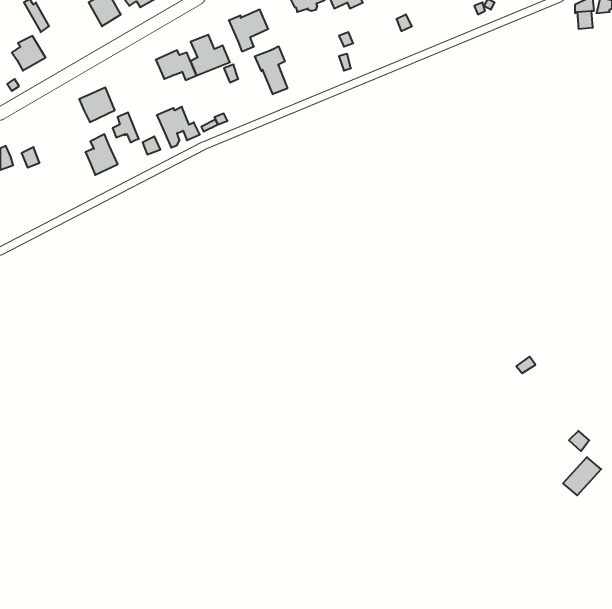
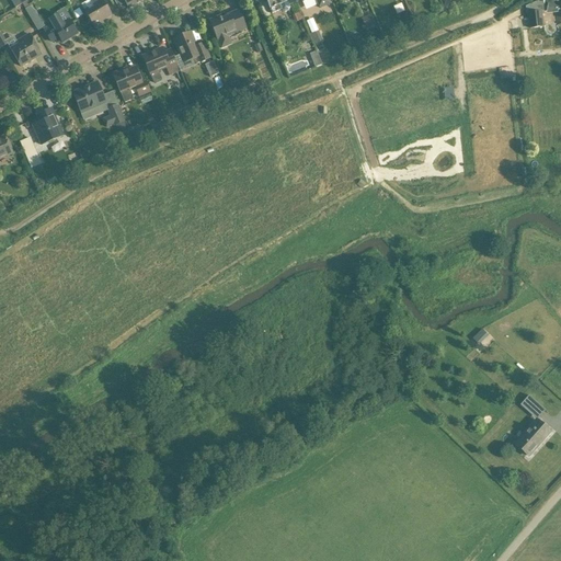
building: none -> [44,12,78,41]
building: [255,46,287,94] -> none
building: [157,107,200,148] -> [112,65,151,102]
building: [85,134,118,175] -> [33,106,62,144]

